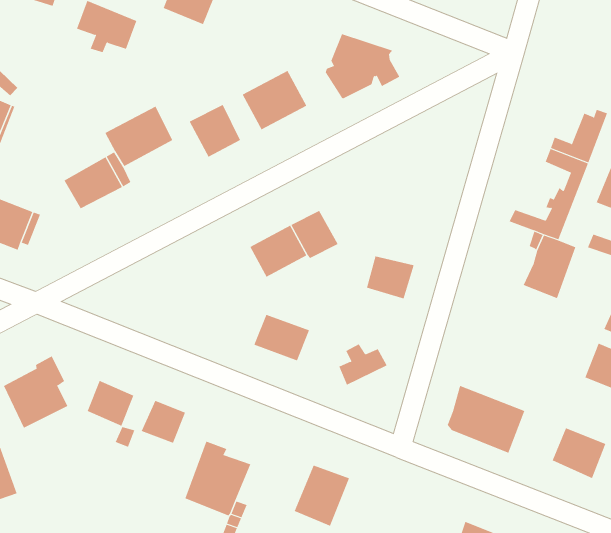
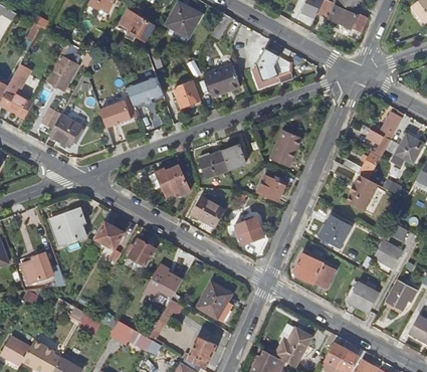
building: none -> [269,130,301,167]
building: none -> [156,164,189,195]
building: none -> [317,214,351,247]

